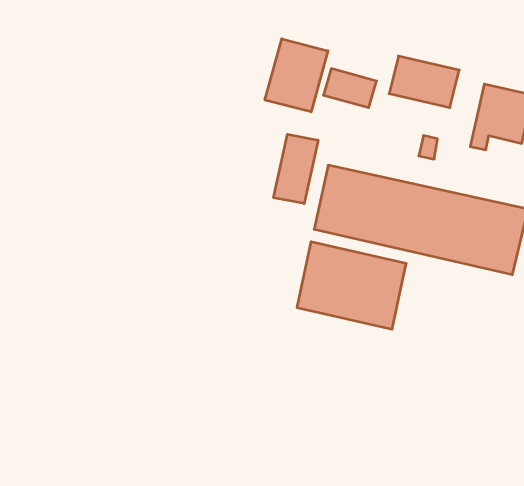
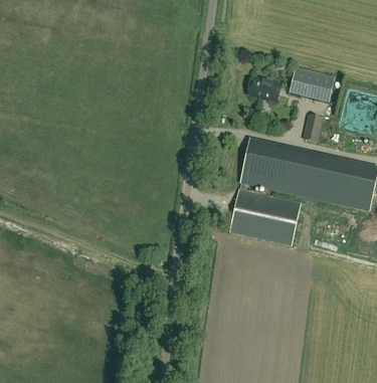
building: [265,39,328,112] -> none
building: [274,134,318,204] -> none

